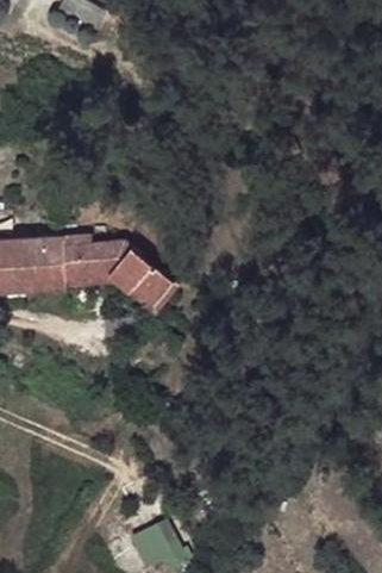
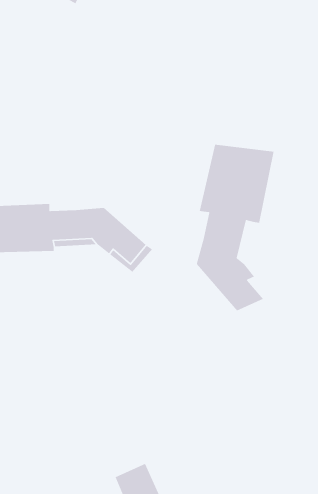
building: none -> [196,144,275,312]

